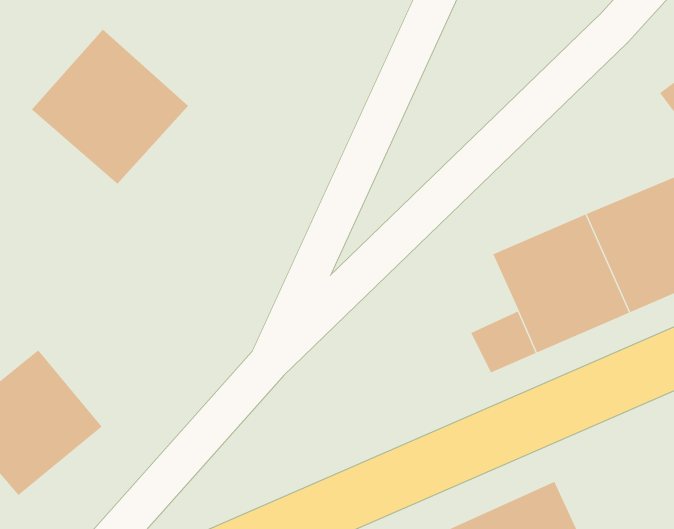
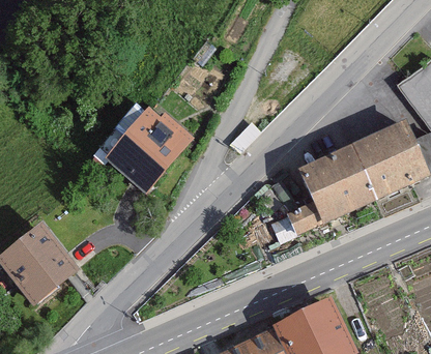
building: [31,29,189,185] -> [98,110,188,198]

